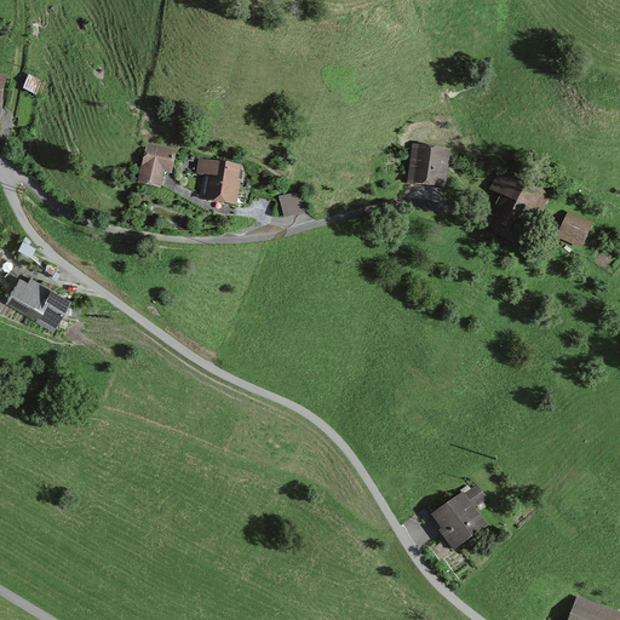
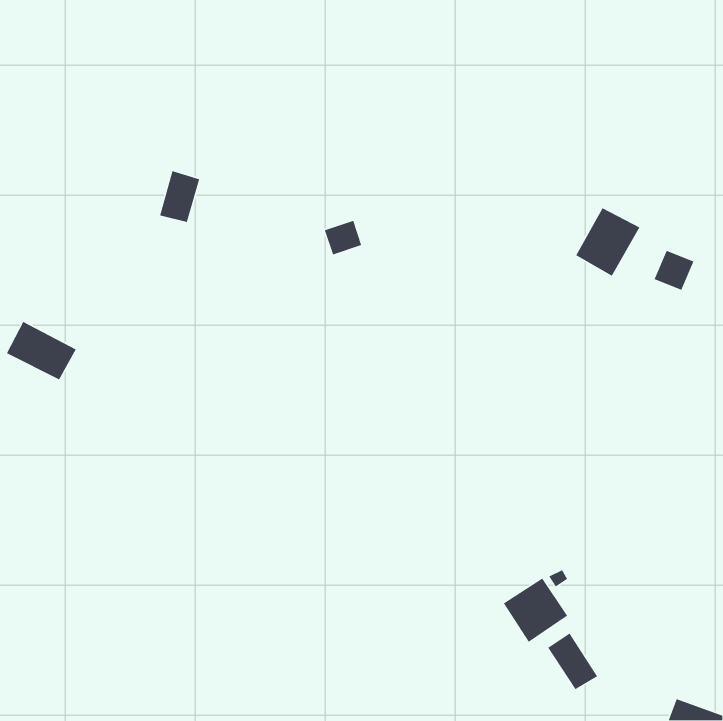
building: [408,142,449,189] -> none
building: [205,160,241,205] -> none
building: none -> [547,632,598,690]

